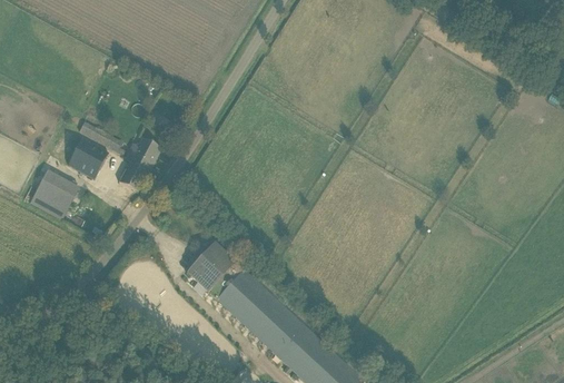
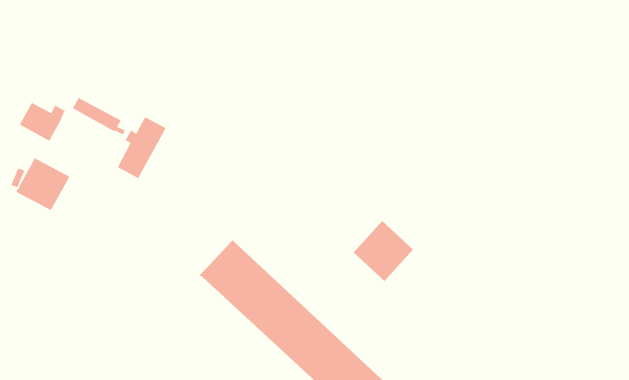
building: [67,144,108,178] -> [19,102,66,142]
building: none -> [353,220,414,282]

